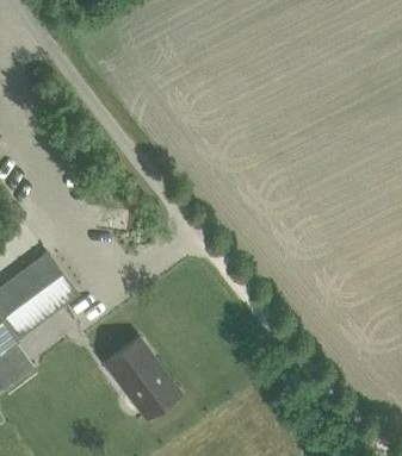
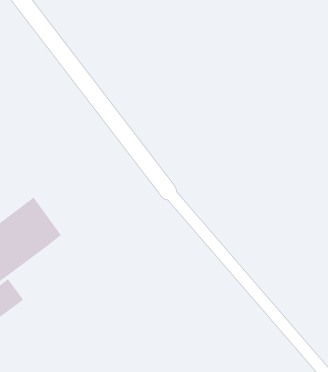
building: [107,338,179,416] -> none

